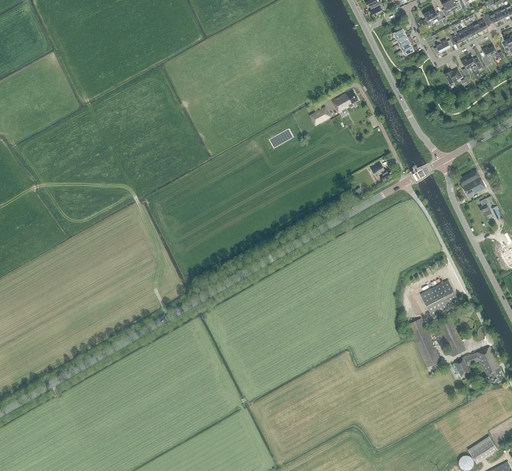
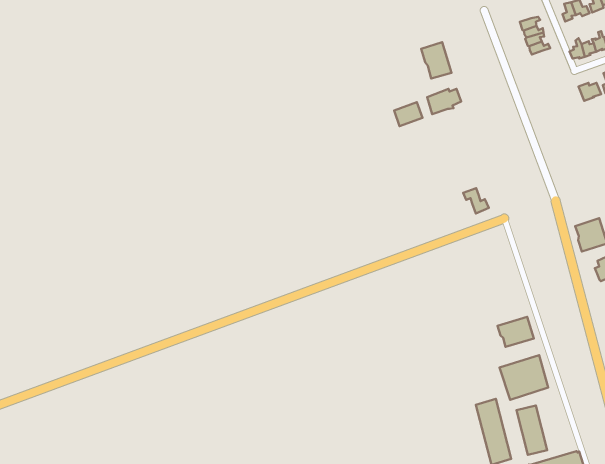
building: none -> [421,42,451,78]
building: none -> [497,317,534,347]

